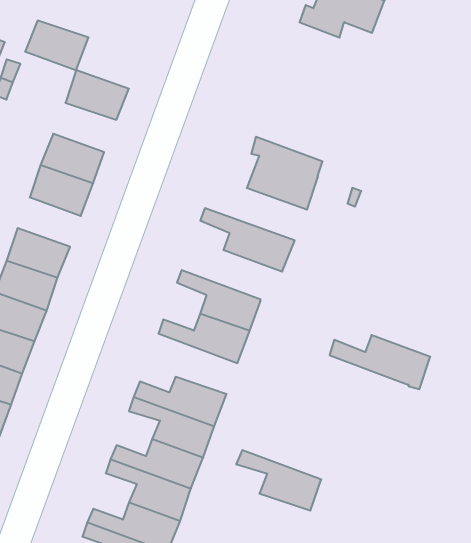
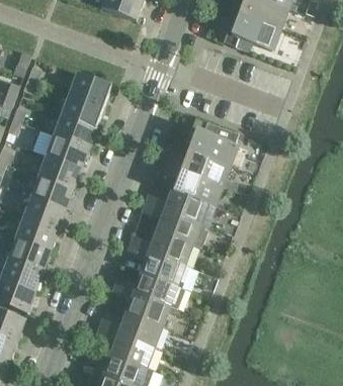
building: [25,21,89,70] -> [62,94,103,126]
building: none -> [161,150,228,184]
building: none -> [38,156,80,188]
building: [330,335,430,389] -> [146,190,211,225]
building: [236,450,321,511] -> [126,245,182,284]

